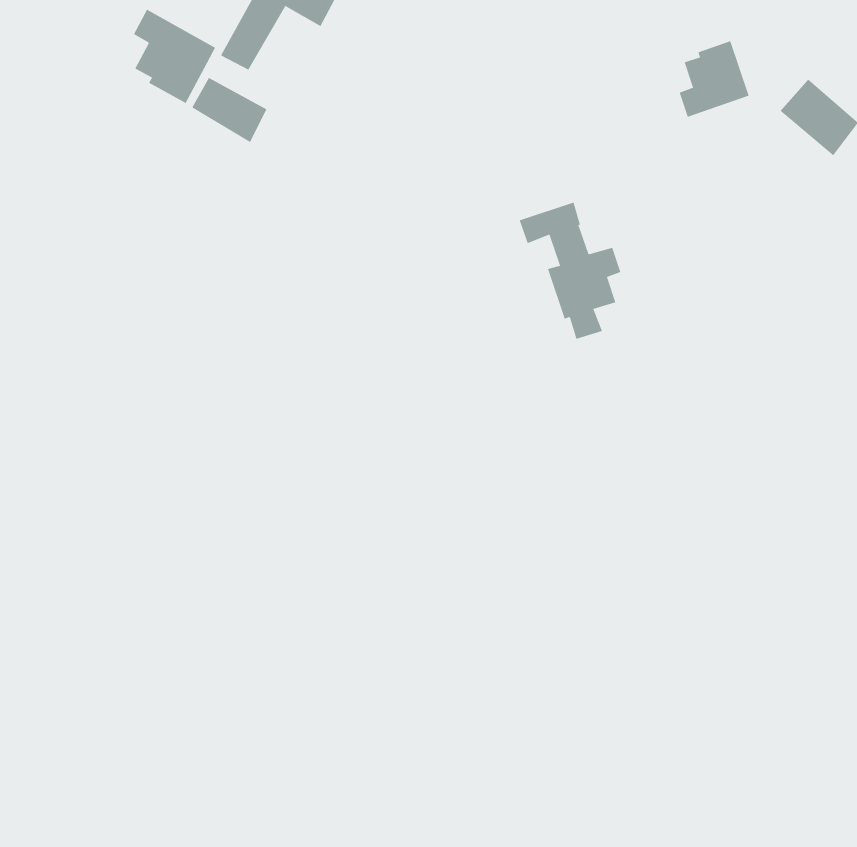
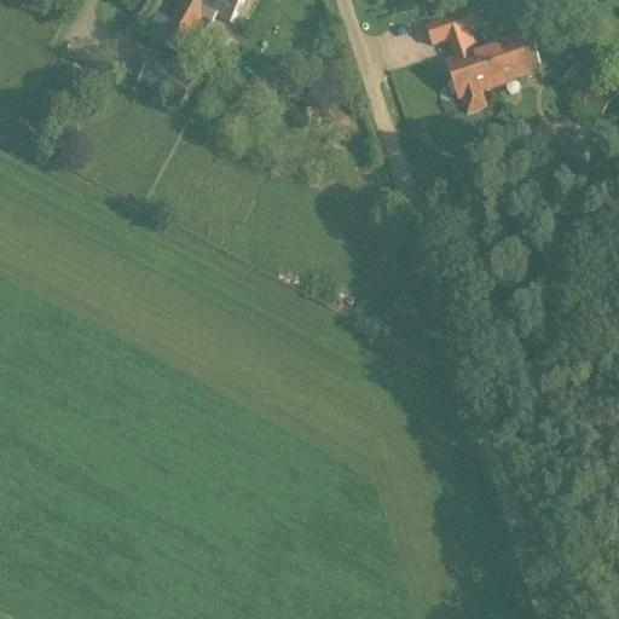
building: [133,9,216,104] -> none
building: [519,202,621,340] -> [426,12,499,111]

